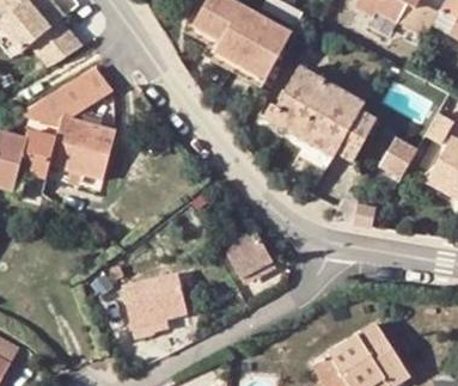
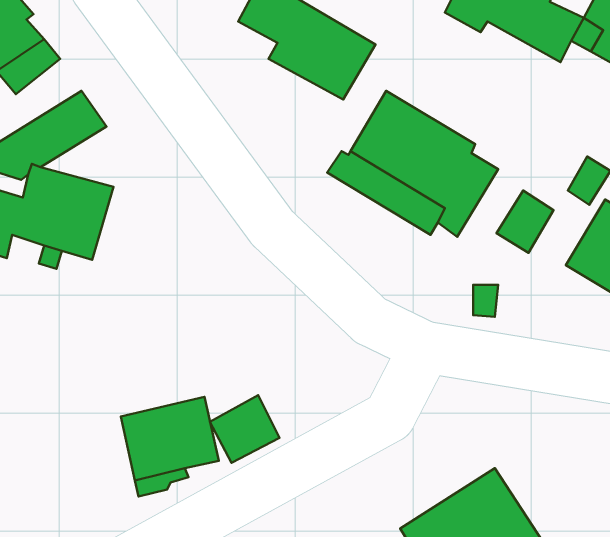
building: [228,231,275,276] -> [210,395,279,463]

